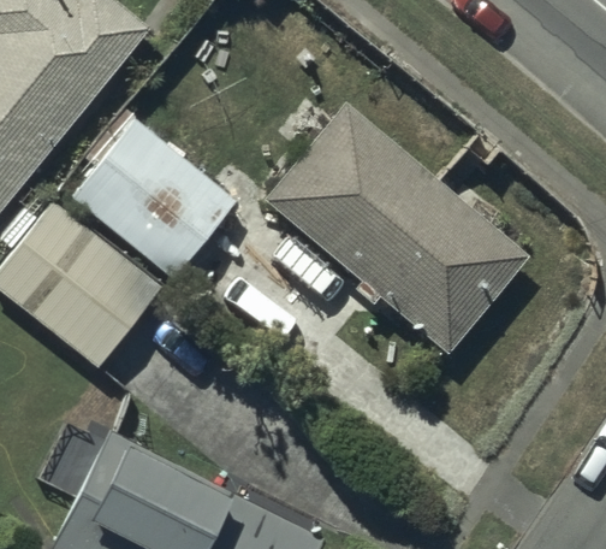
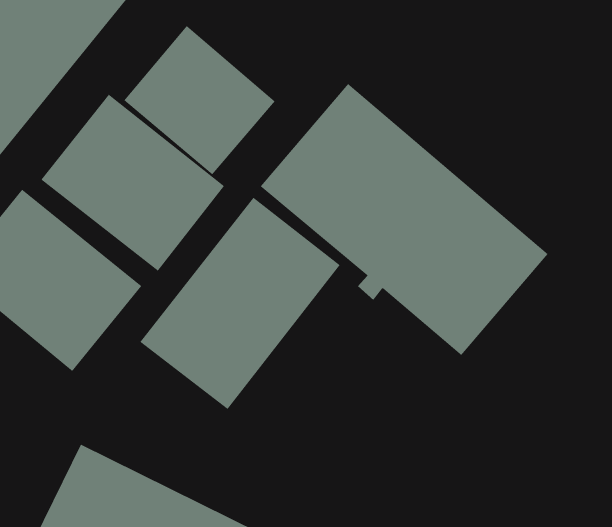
building: none -> [123,25,276,175]
building: none -> [139,197,340,410]

